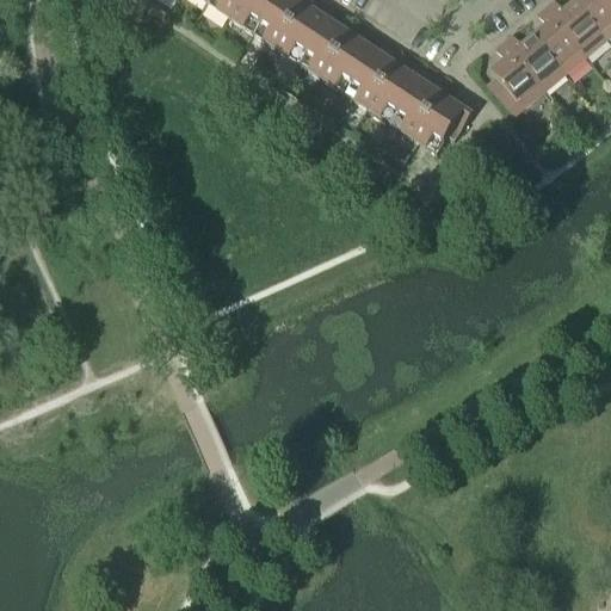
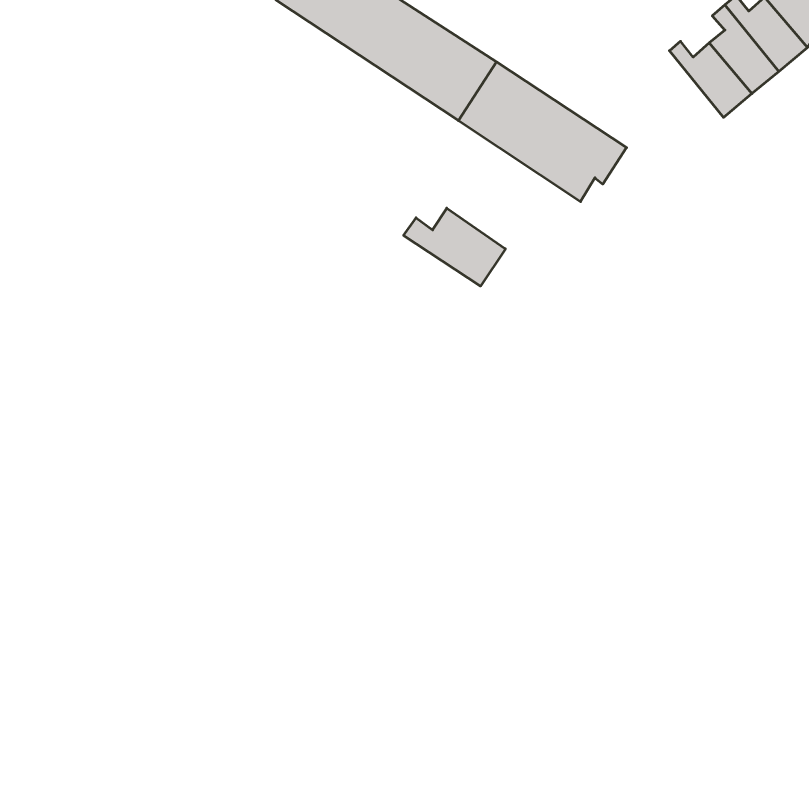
building: [488,38,545,113] -> none
building: none -> [404,208,505,286]

